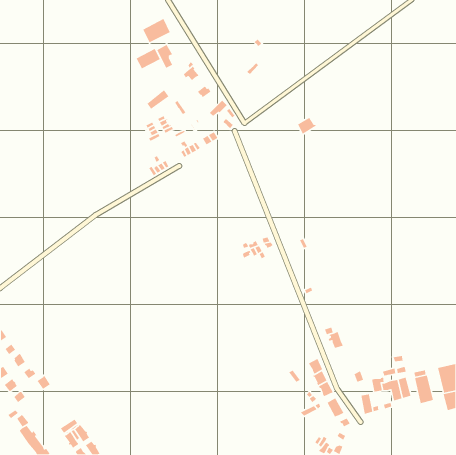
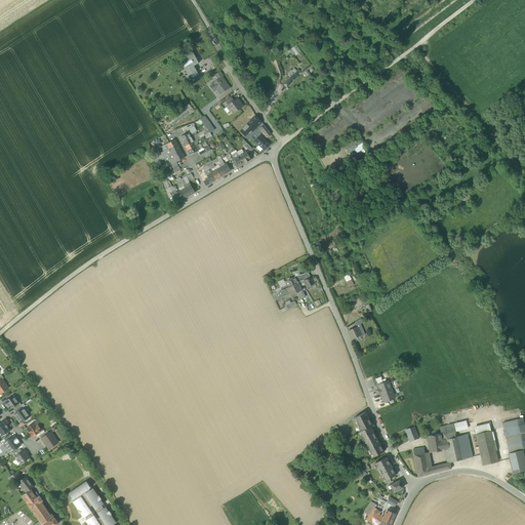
building: [142,18,171,43] -> none
building: [135,48,161,69] -> none

